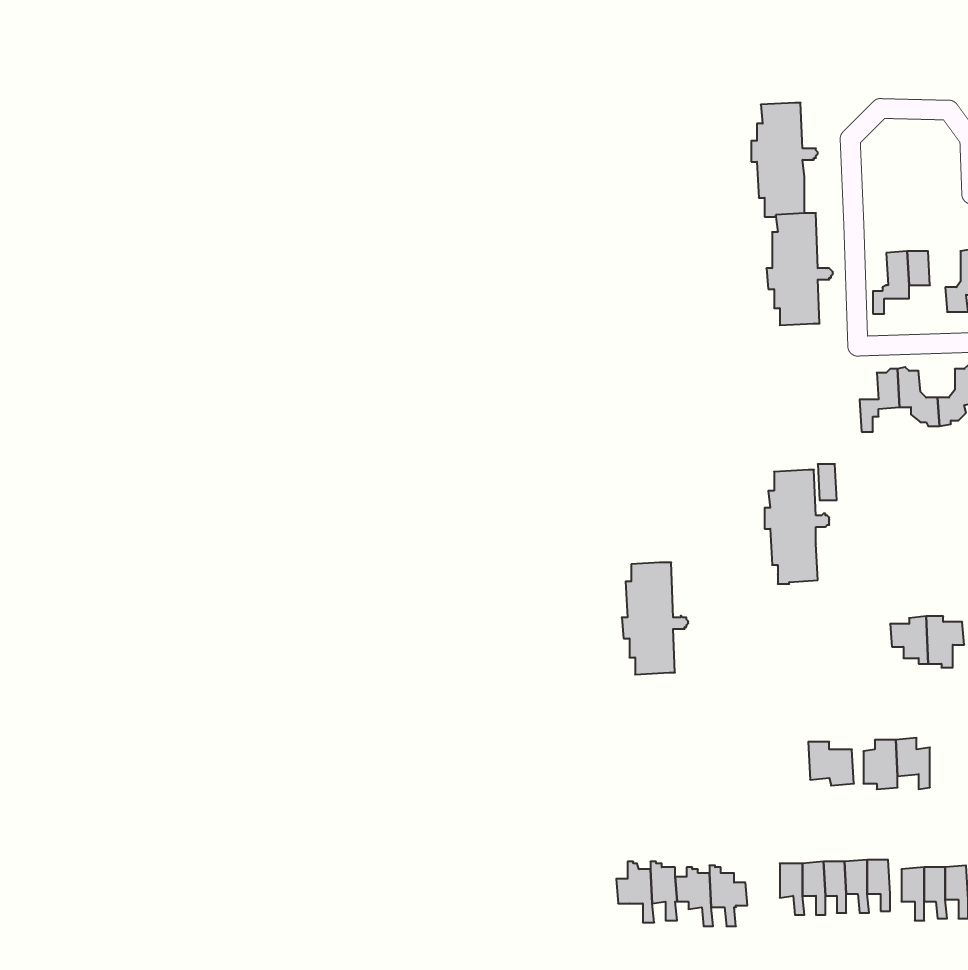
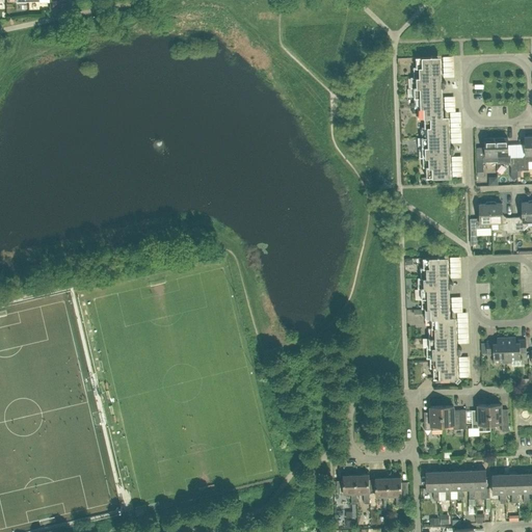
building: [622,562,688,675] -> [428,318,464,379]
building: none -> [426,406,445,431]

